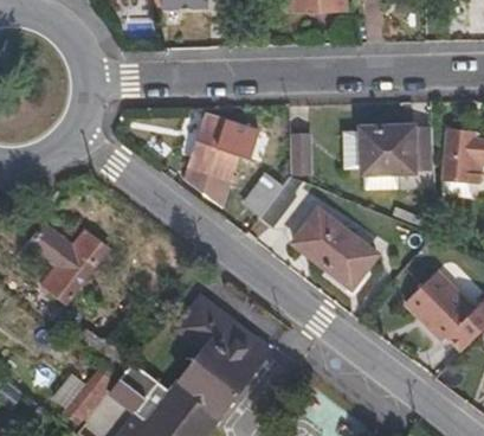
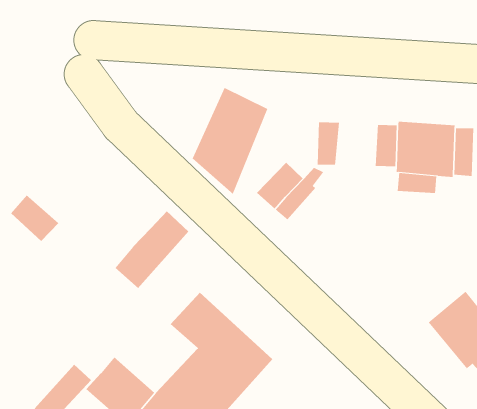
building: [293,210,376,286] -> none
building: [44,230,107,301] -> [114,211,189,289]

